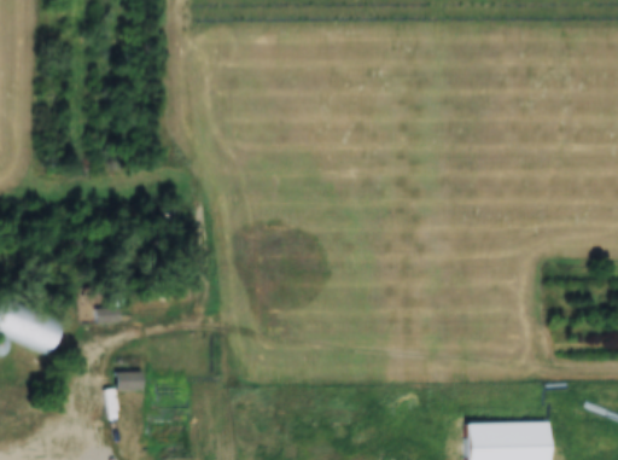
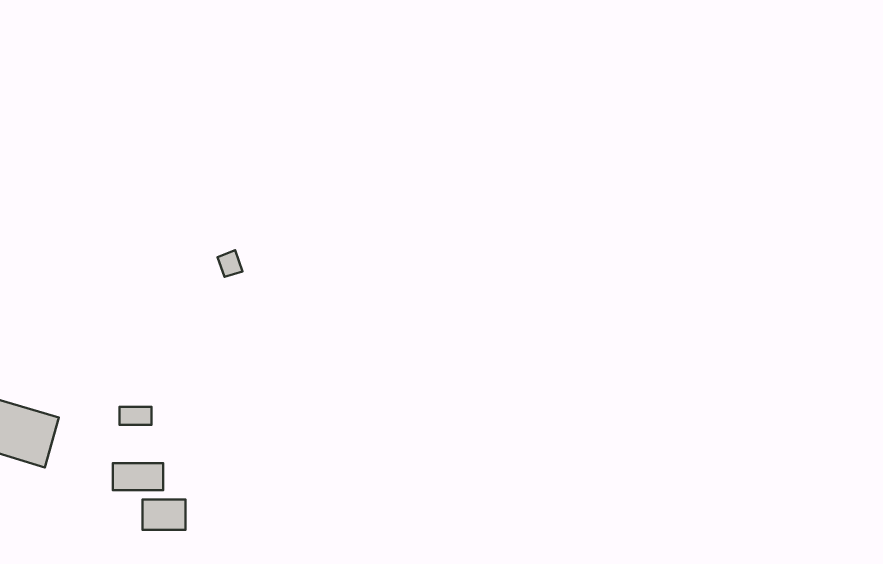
building: none -> [113,463,163,490]

